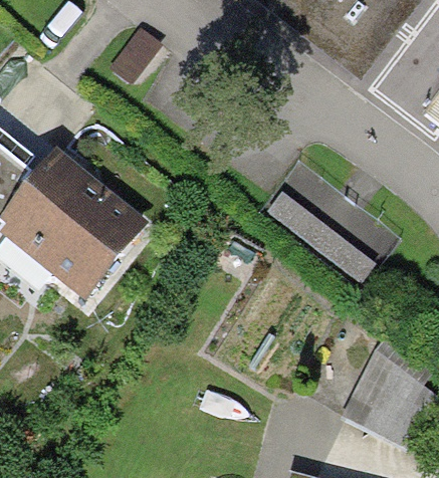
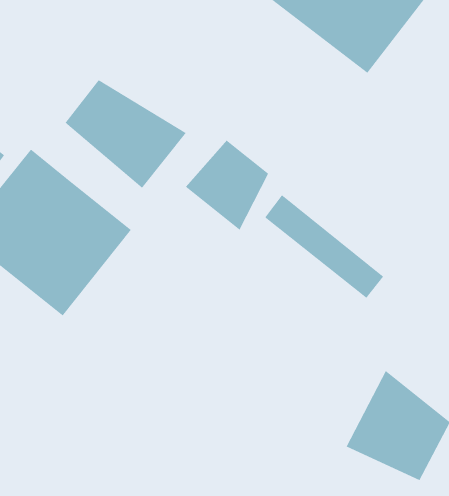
building: none -> [64,79,187,189]
building: none -> [185,140,269,231]

